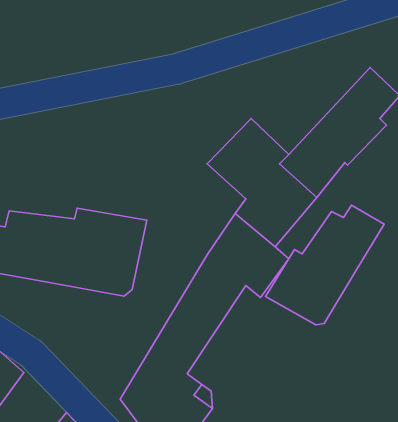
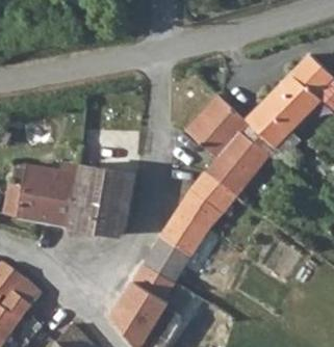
building: [266,205,384,325] -> none

